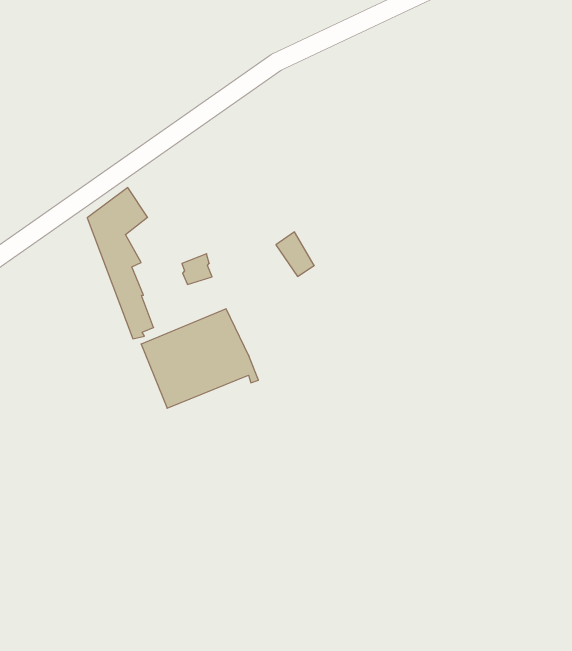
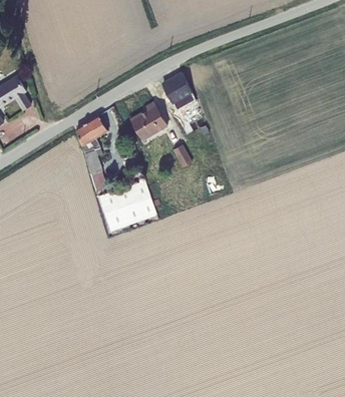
building: none -> [161,73,196,111]
building: none -> [129,102,167,141]

